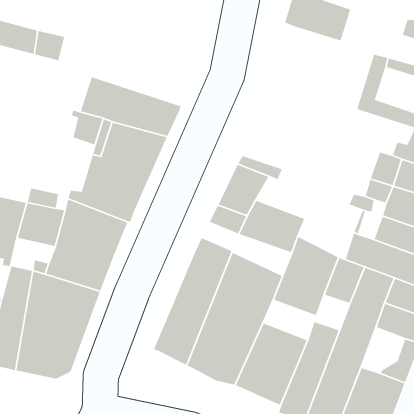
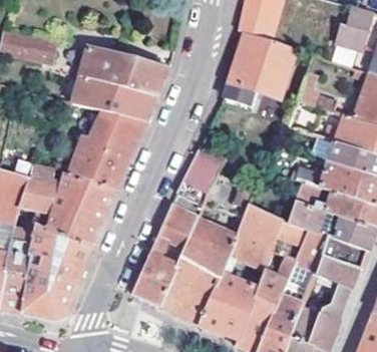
building: none -> [231,33,297,98]
building: none -> [83,48,168,97]

